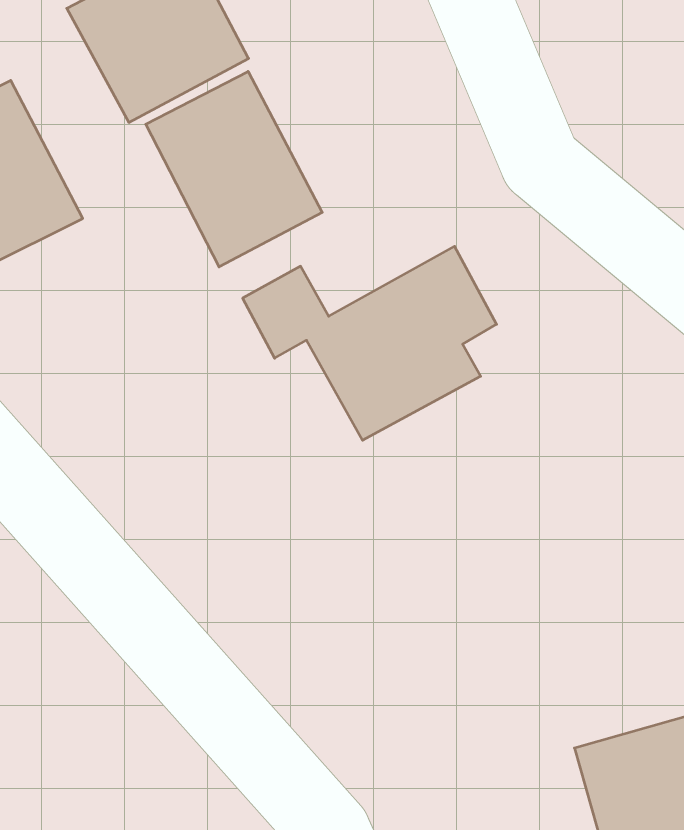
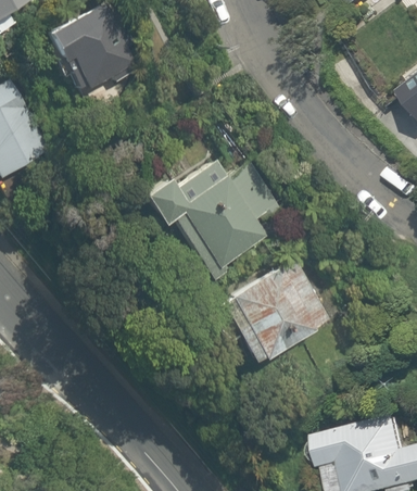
building: [146,71,322,267] -> none
building: none -> [216,254,331,365]

